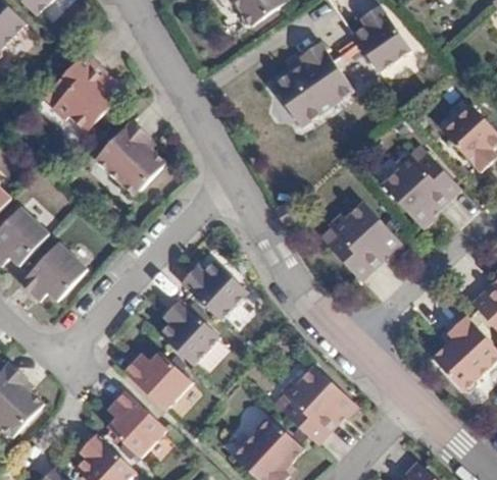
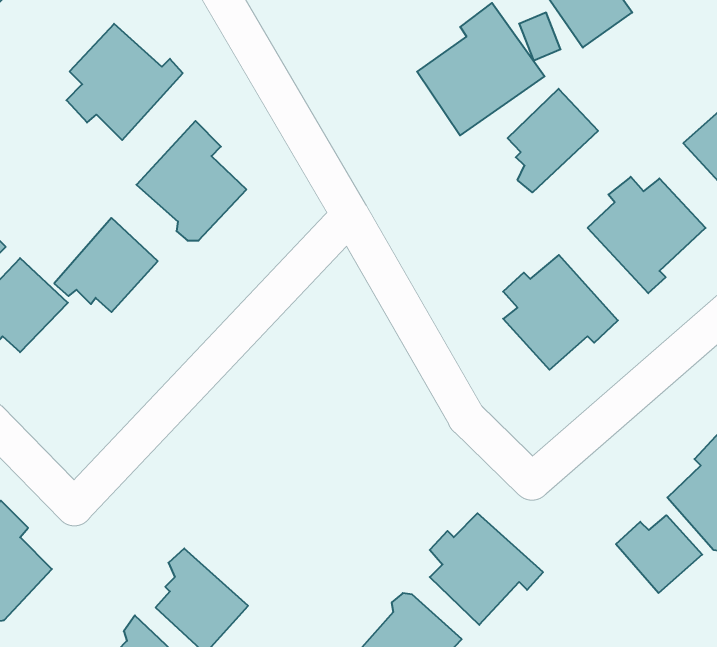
building: none -> [508,89,598,192]
building: [20,241,87,301] -> [54,218,158,312]
building: [181,262,248,321] -> none
building: [160,300,218,365] -> none
building: [125,353,189,409] -> none
building: none -> [616,515,702,593]

